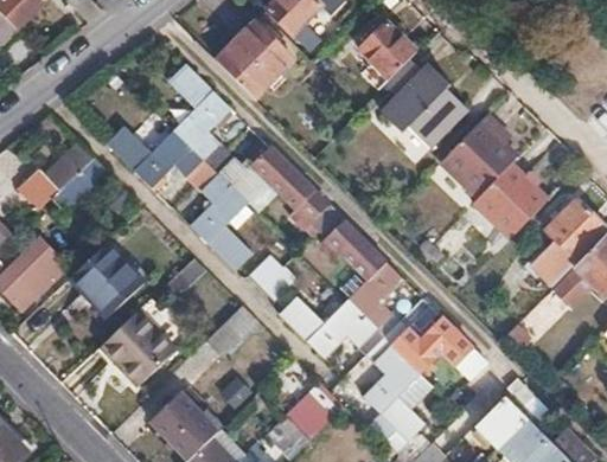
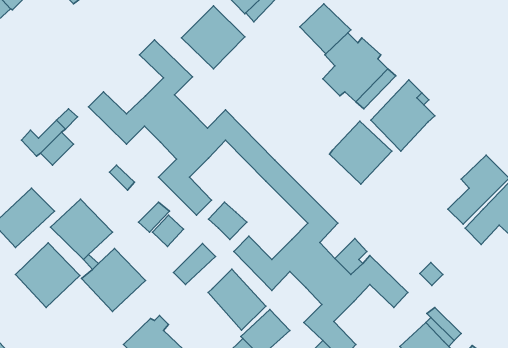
building: [473,161,547,236] -> [330,121,392,184]
building: none -> [15,243,80,307]
building: none -> [208,269,266,330]

